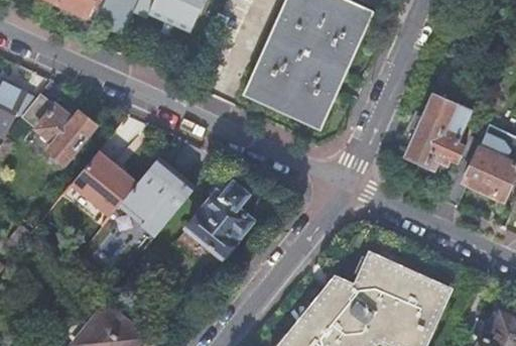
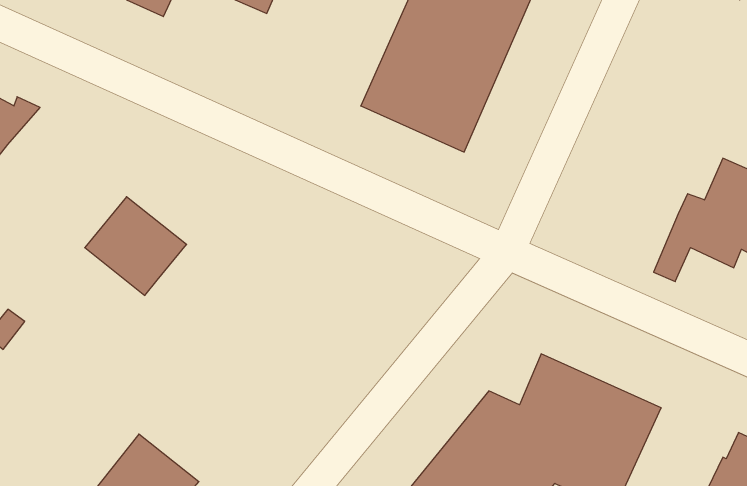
building: [20,94,96,164] -> none
building: [406,97,470,167] -> none
building: [118,155,197,236] -> none
building: [187,174,254,259] -> none

